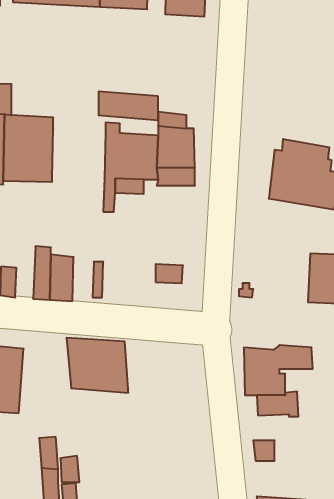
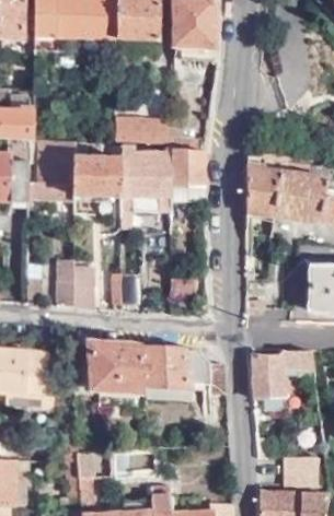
building: none -> [243,148,277,214]
building: none -> [72,150,122,196]
building: none -> [139,345,224,394]
building: none -> [285,455,323,485]

